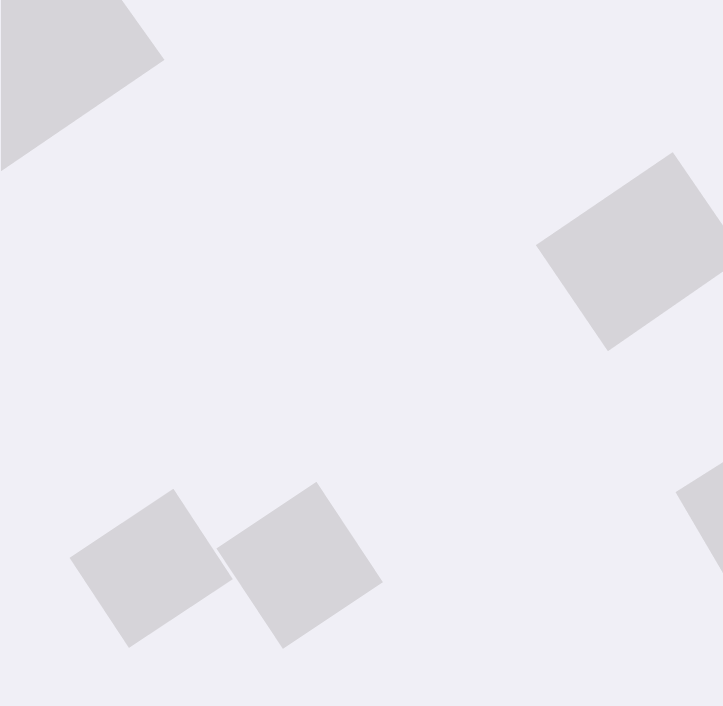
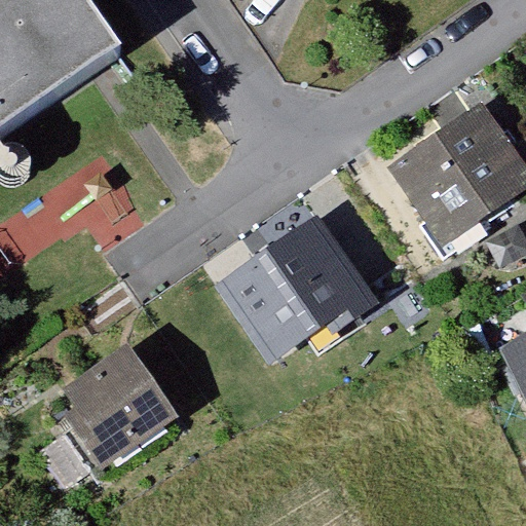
building: none -> [213,225,363,364]
building: [215,481,384,650] -> none

